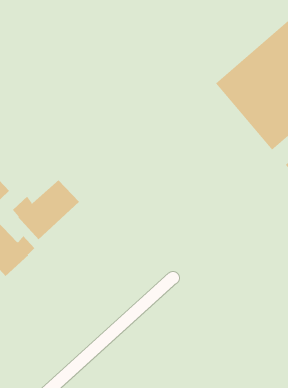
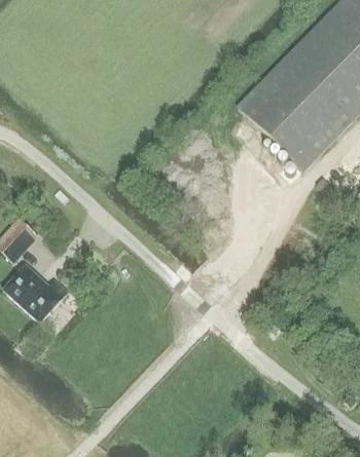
building: [12,180,80,240] -> none

